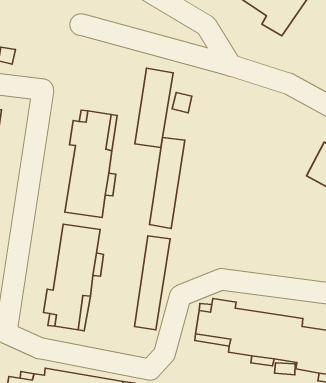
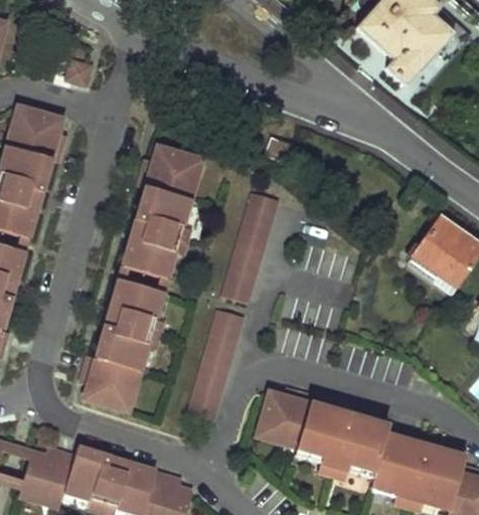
building: [135,68,173,147] -> none

